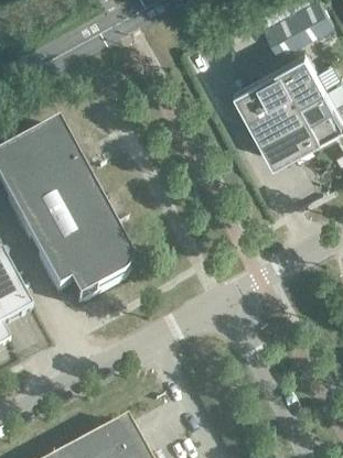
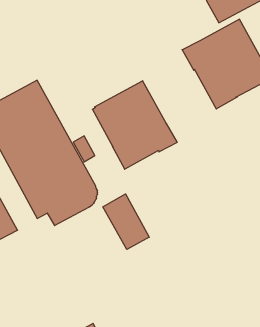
building: none -> [92,81,177,169]
building: none -> [103,194,149,249]

